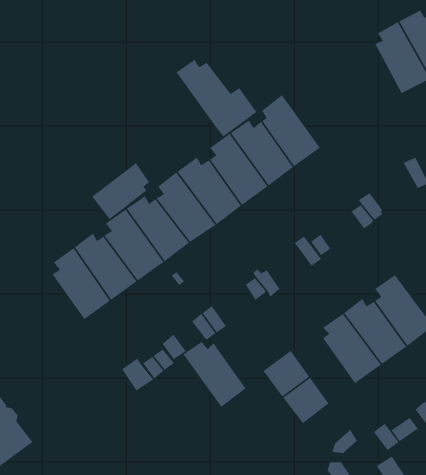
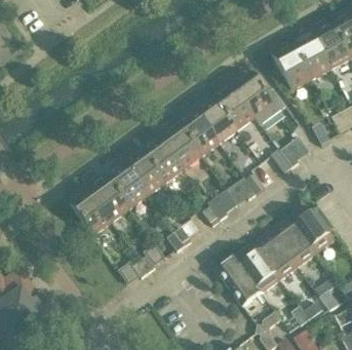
building: none -> [269,41,310,90]
building: [176,59,257,138] -> [228,70,284,124]
building: [91,162,150,220] -> none
building: [183,341,247,408] -> [234,246,278,293]

